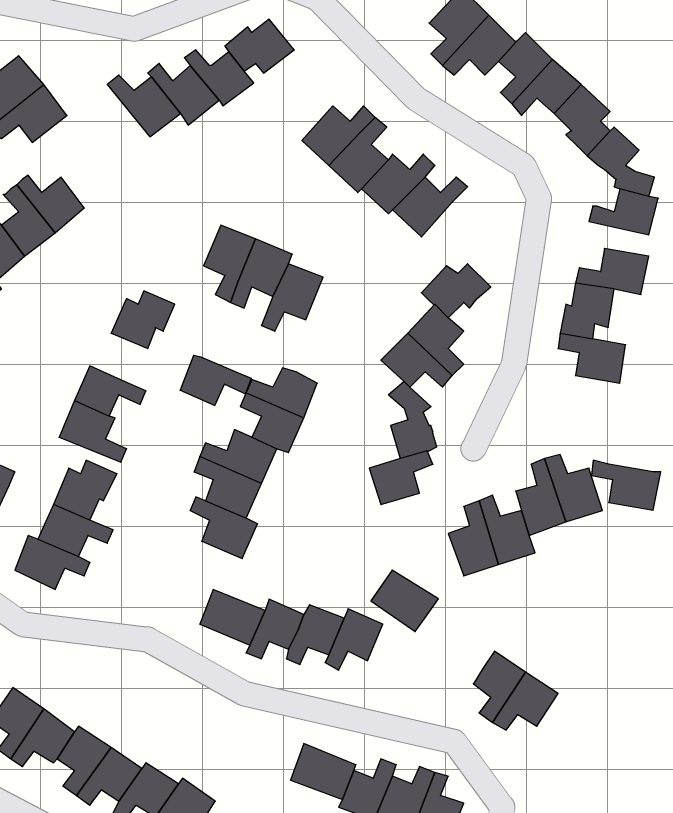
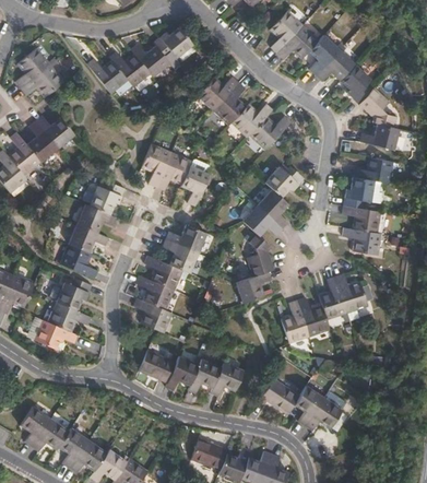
building: [180,355,251,405] -> [76,203,117,232]
building: [591,460,661,510] -> [342,226,381,255]
building: [371,570,438,632] -> [261,378,299,413]

